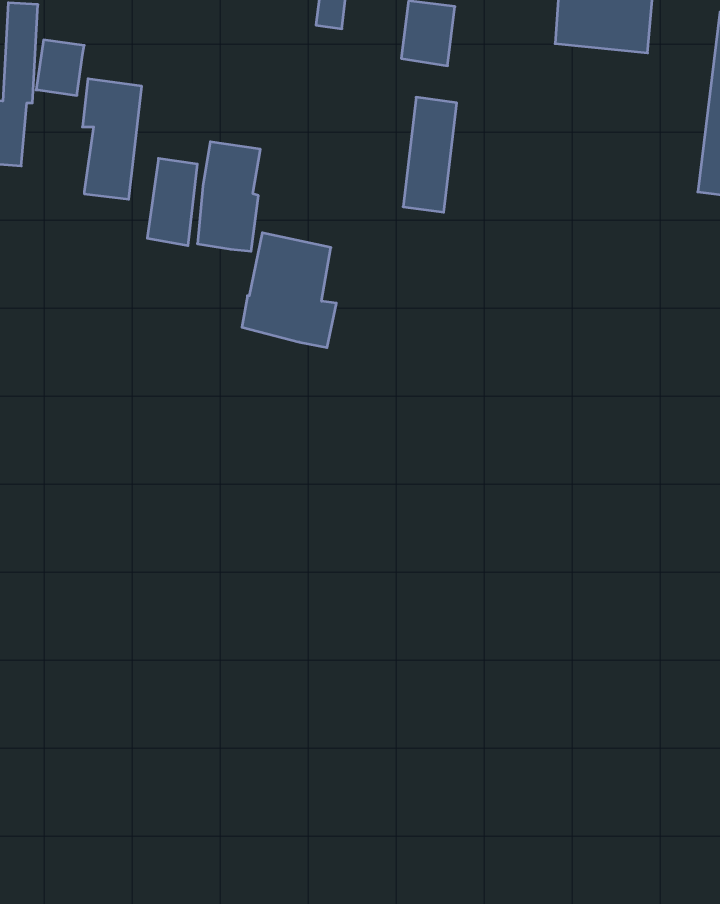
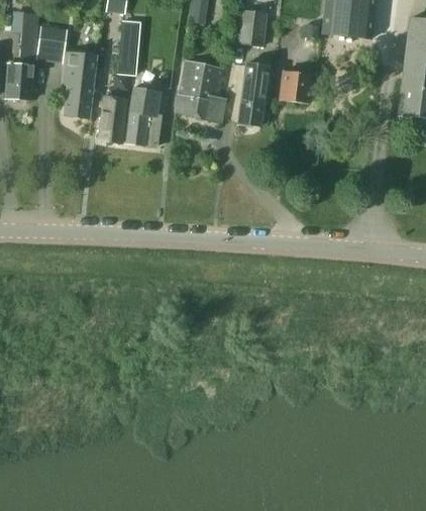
building: none -> [118,20,140,75]
building: none -> [279,70,311,102]
building: [242,233,336,348] -> [175,59,226,121]

